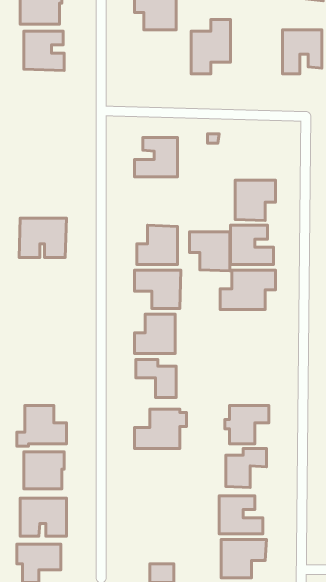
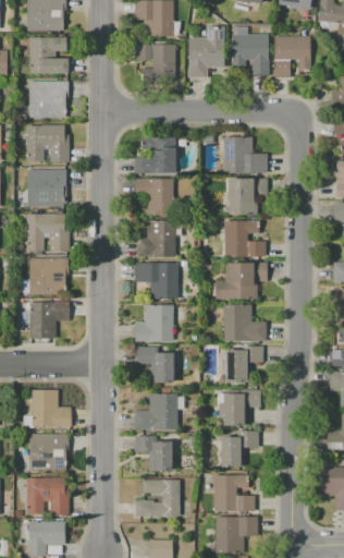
building: none -> [233,27,270,75]
building: none -> [135,44,175,81]
building: none -> [29,81,69,118]
building: none -> [27,124,70,162]
building: none -> [224,137,268,173]
building: none -> [28,169,66,207]
building: [189,232,230,271] -> [136,179,174,216]
building: none -> [20,258,67,294]
building: none -> [30,302,70,338]
building: none -> [224,304,267,341]
building: none -> [224,347,263,383]
building: none -> [135,435,172,471]
building: none -> [135,480,180,517]

